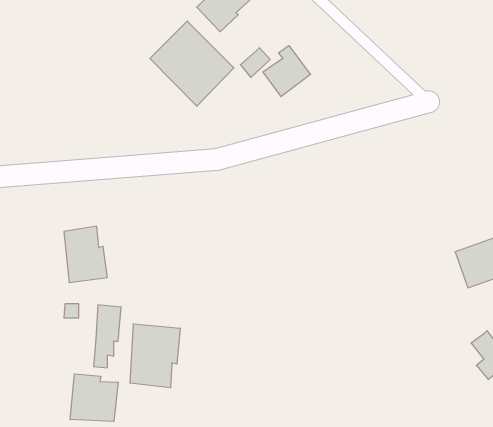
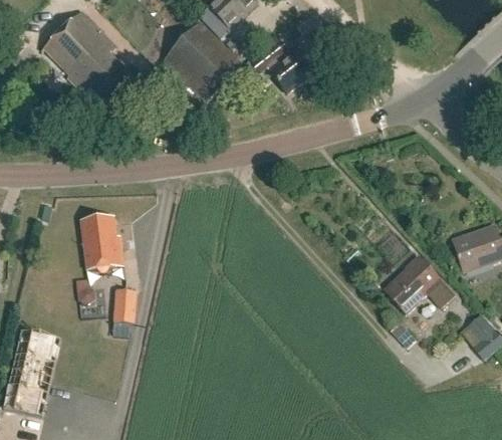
building: none -> [39,9,133,111]
building: none -> [388,254,456,310]
building: [130,324,180,388] -> none
building: [70,374,118,422] -> none

